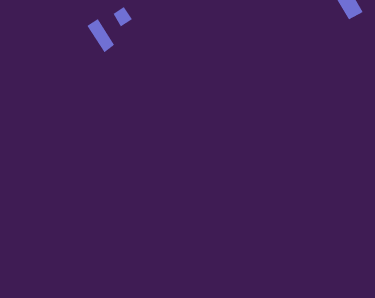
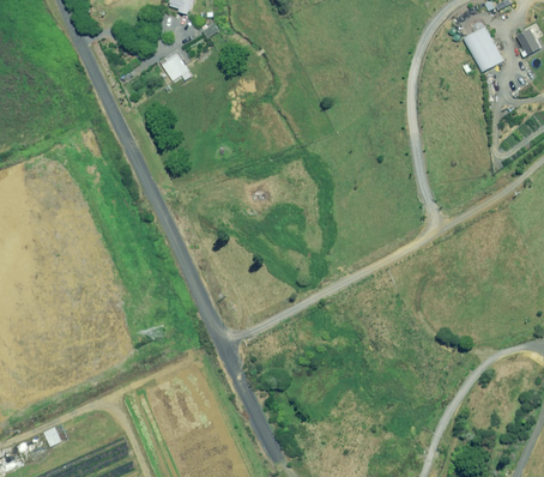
building: [86,18,115,53] -> none

